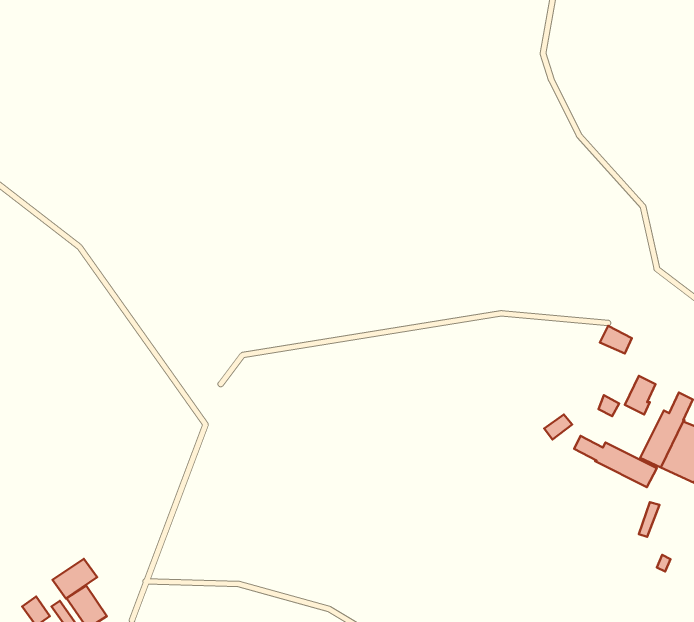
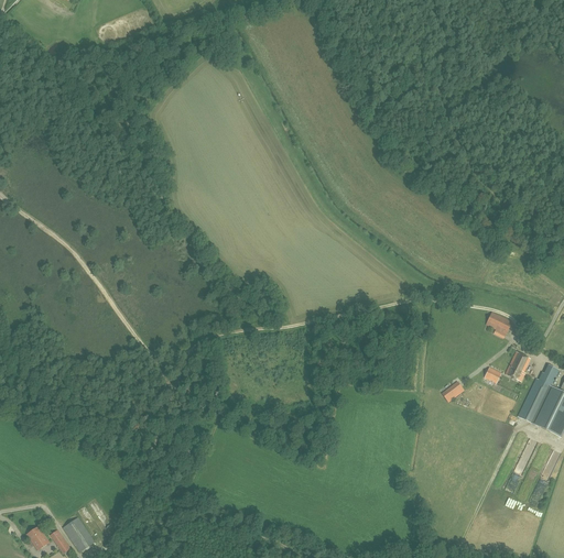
building: [574,436,657,487] -> none
building: [53,559,97,598] -> none

